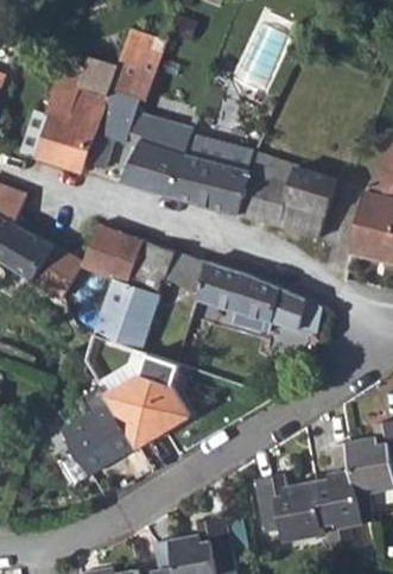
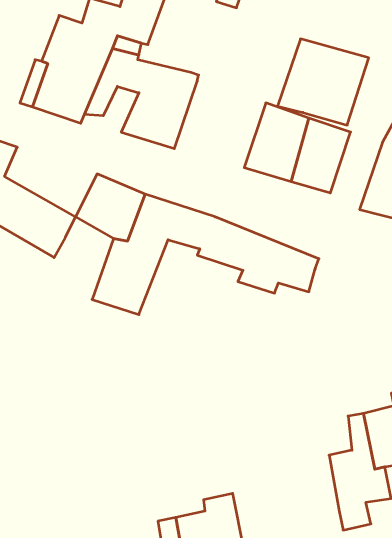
building: [171,133,256,214] -> [278,39,369,125]
building: [62,357,190,477] -> none
building: [256,478,325,544] -> none

